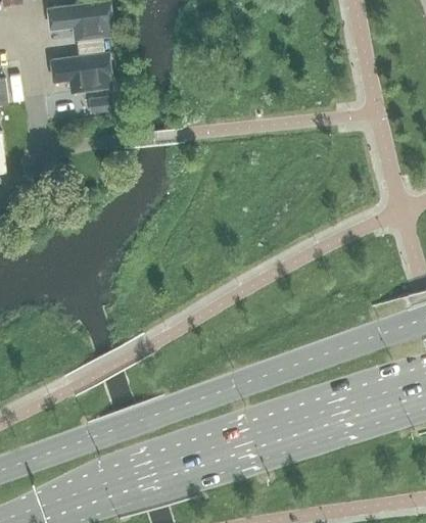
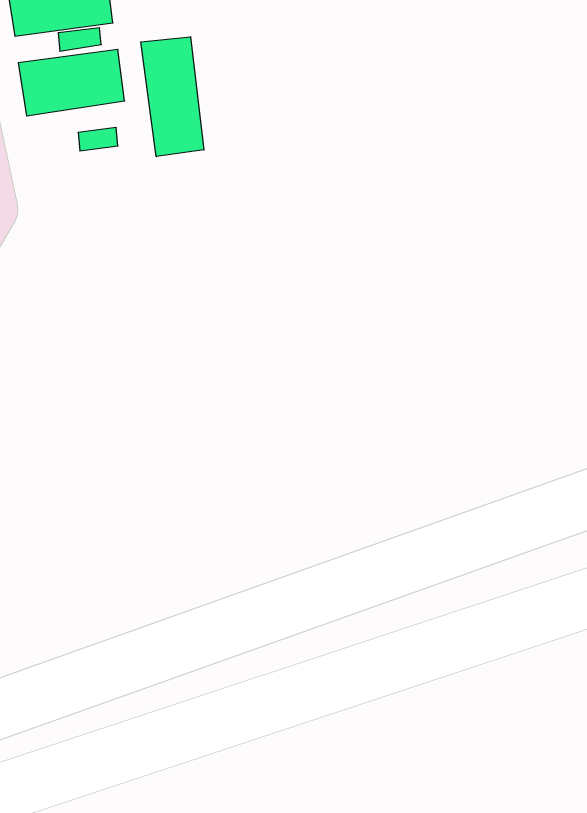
building: none -> [141,37,204,157]

